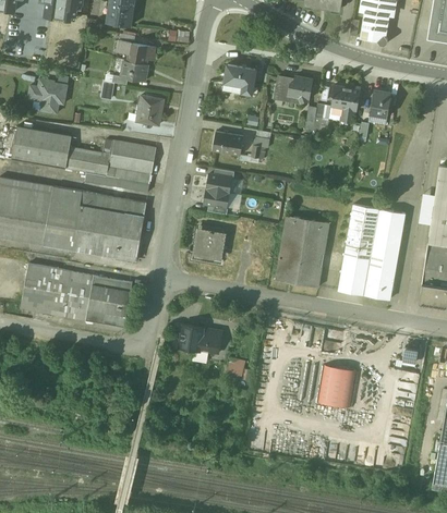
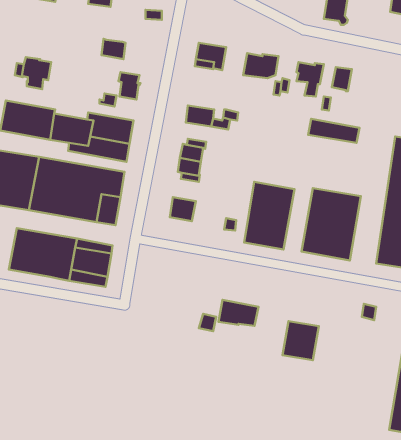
building: [118,41,154,63] -> none
building: [350,204,406,230] -> [308,119,359,143]
building: [178,323,221,352] -> [218,300,259,326]

